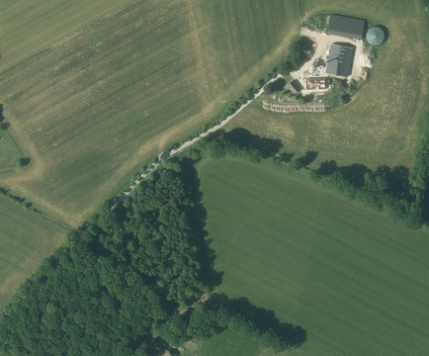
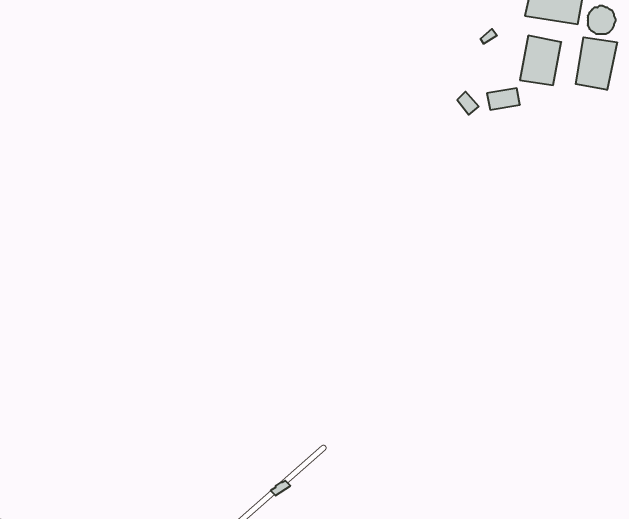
building: none -> [576,37,617,90]

